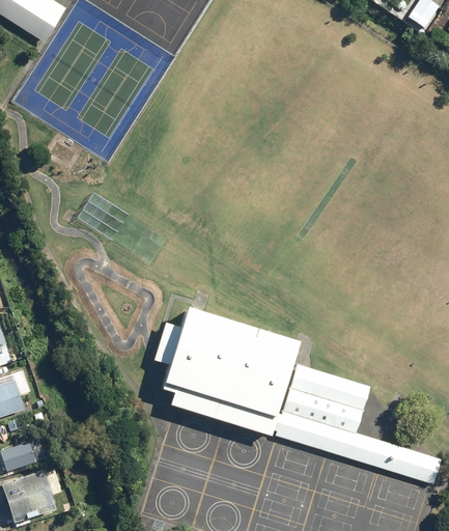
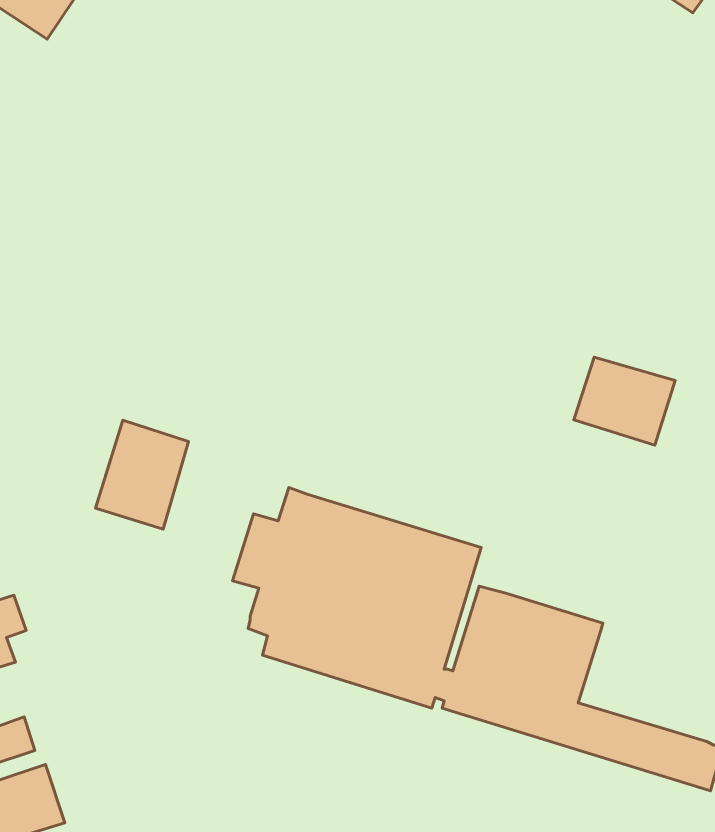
building: none -> [574,357,675,445]
building: none -> [95,420,189,529]

